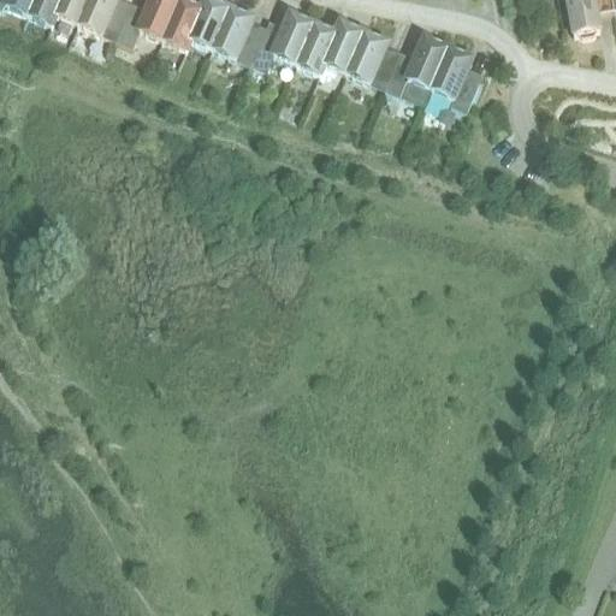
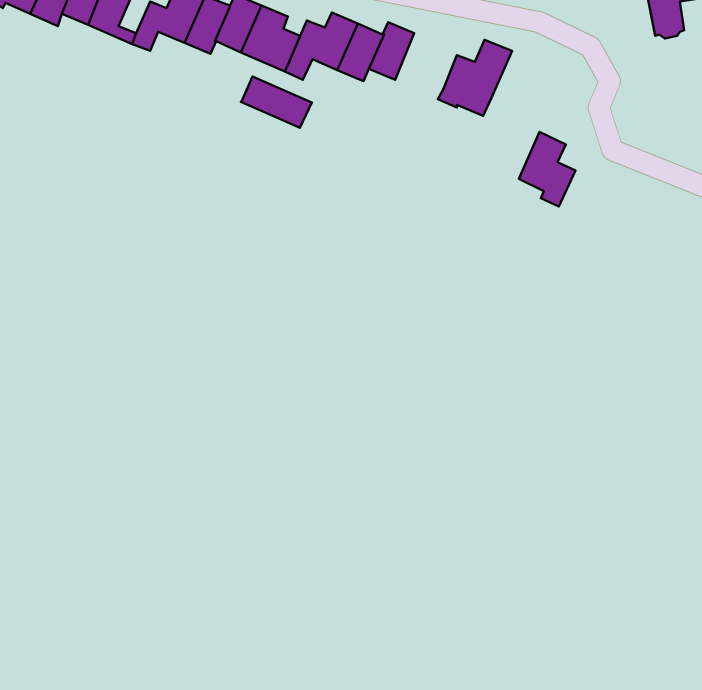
building: [345,29,387,87] -> none
building: [430,45,479,109] -> [519,132,575,206]
building: none -> [241,77,312,128]

